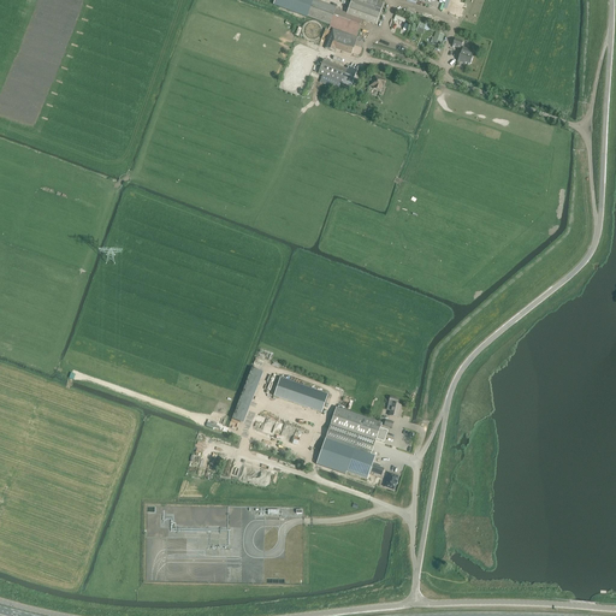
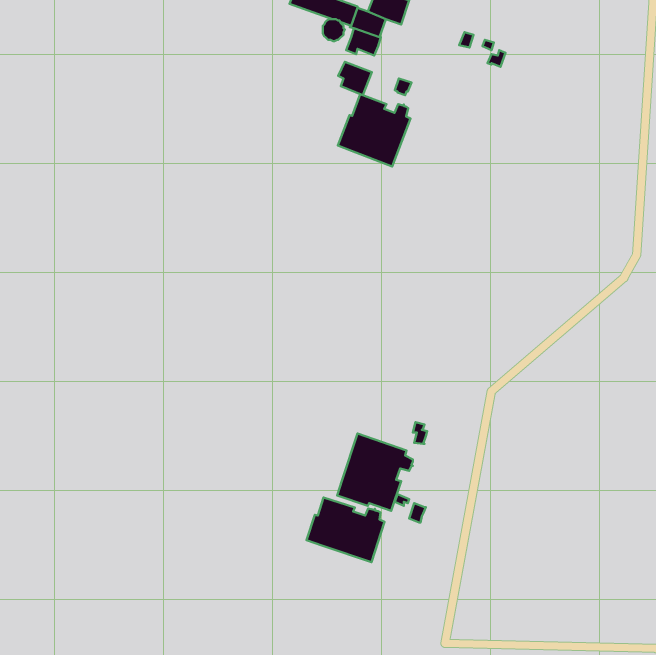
building: none -> [338,94,411,167]
building: [273,377,327,411] -> none
building: none -> [306,497,385,562]

